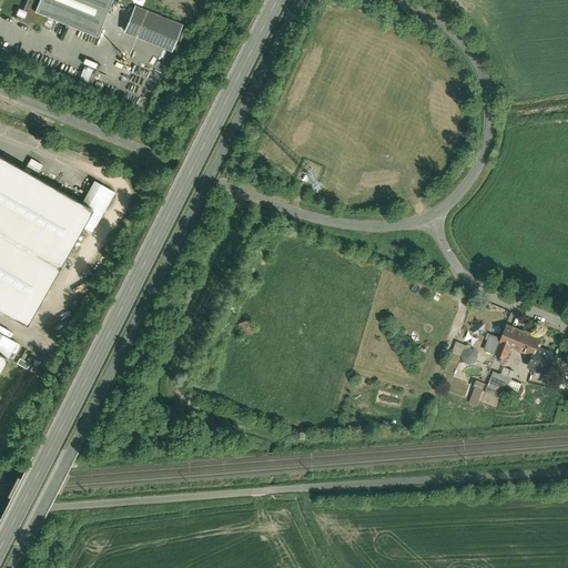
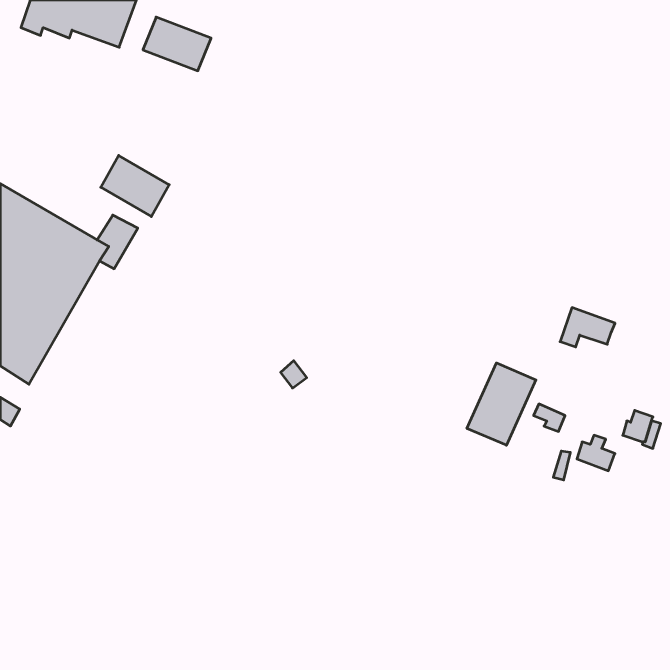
building: none -> [101,155,169,217]
building: none -> [467,363,536,445]
building: [494,326,540,359] -> [560,308,615,347]

